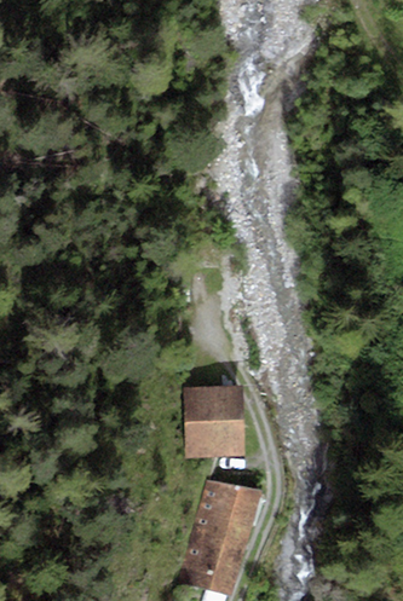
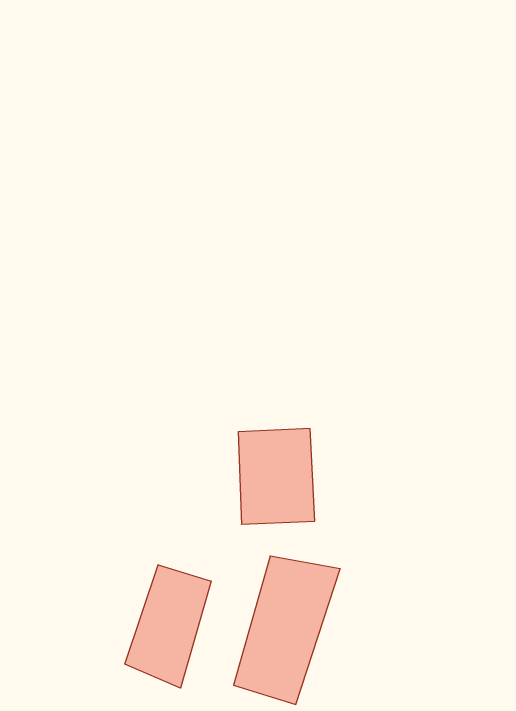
building: none -> [125,565,211,688]

